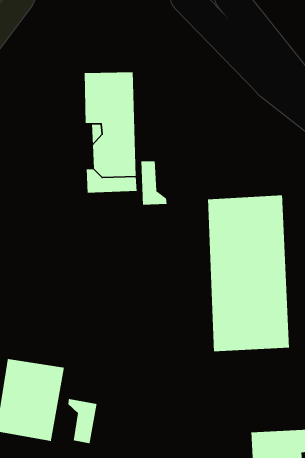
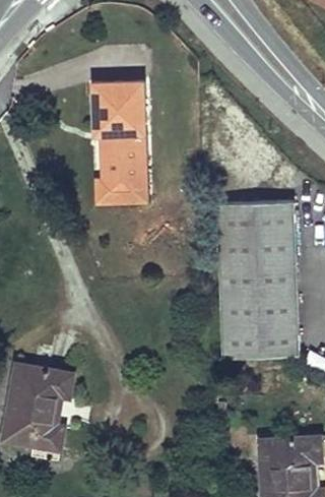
building: [140,160,168,206] -> none
building: [68,398,98,444] -> none

